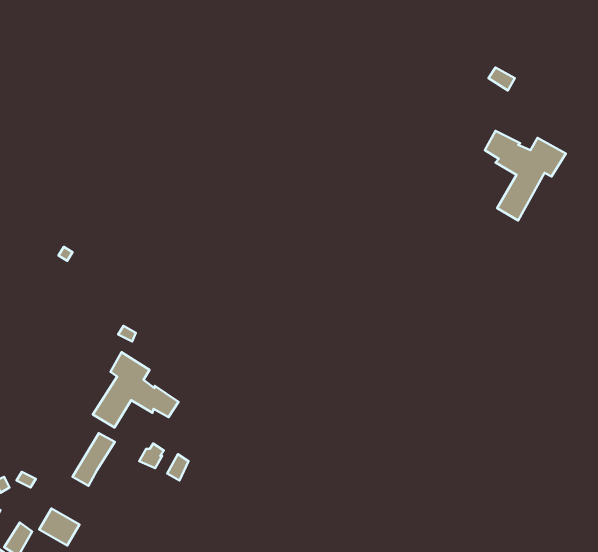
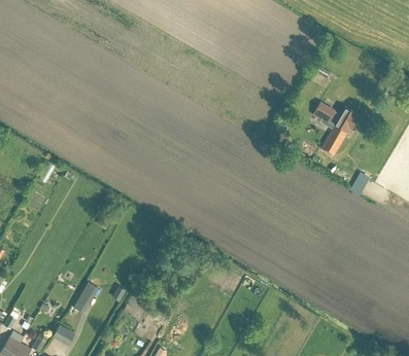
building: [93,352,178,428] -> none

